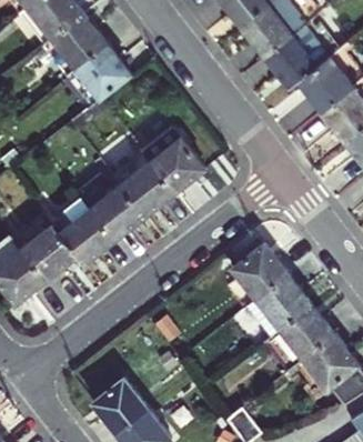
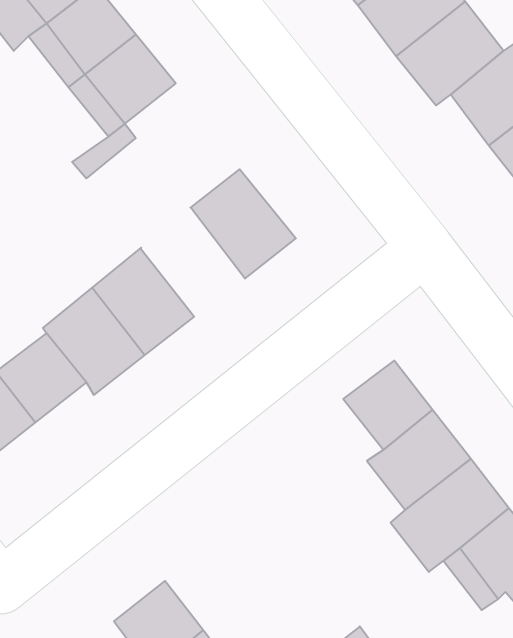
building: [110,151,173,217] -> none

